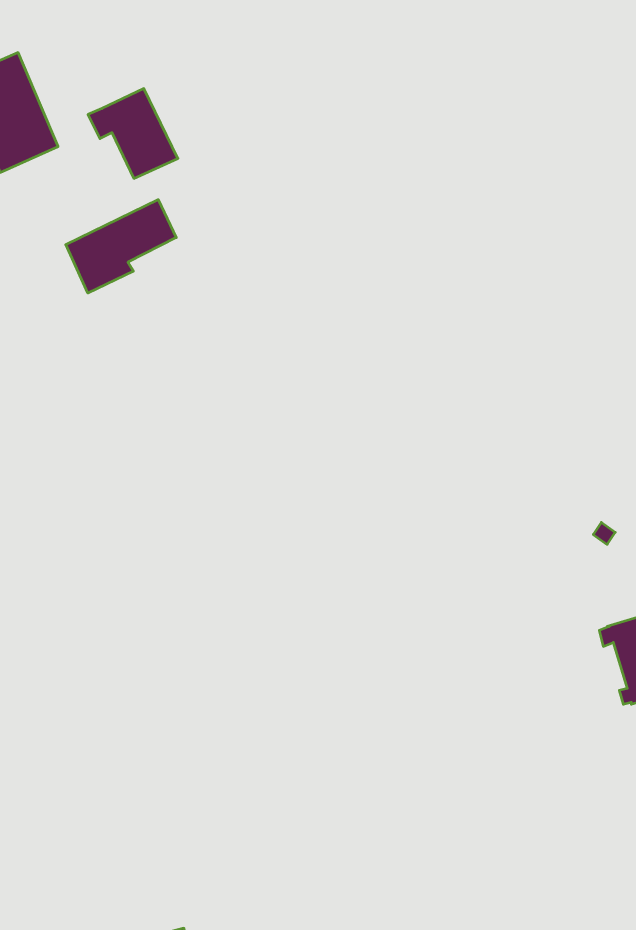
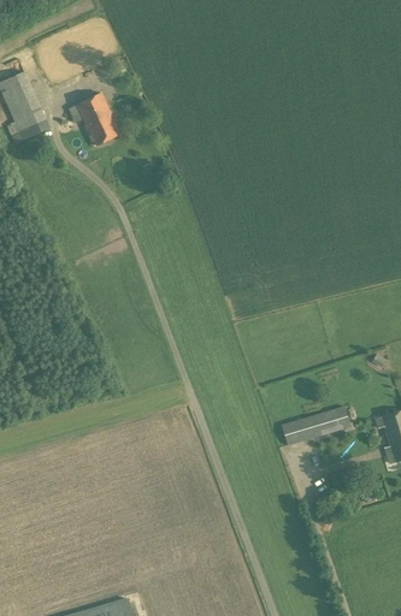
building: [66,200,176,293] -> none
building: none -> [282,405,350,445]

